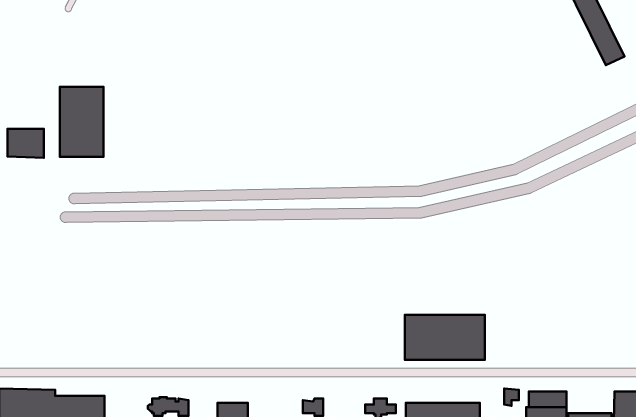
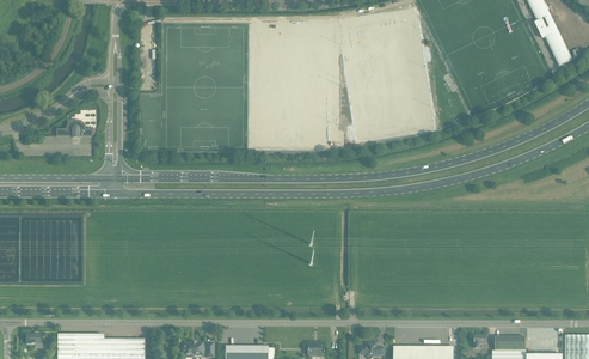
building: [60,87,103,157] -> none
building: [405,315,485,360] -> none

